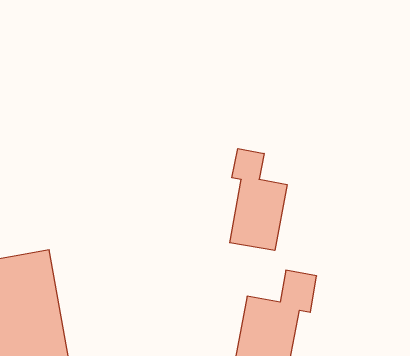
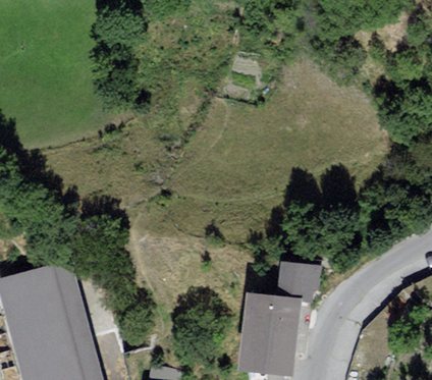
building: [230,149,287,250] -> none

